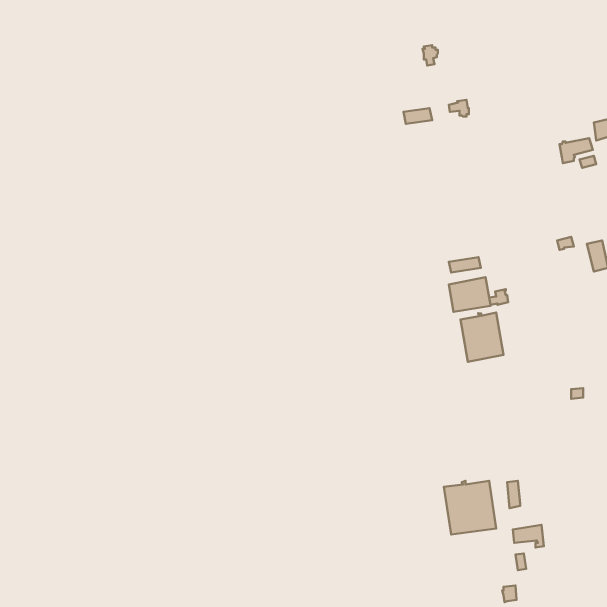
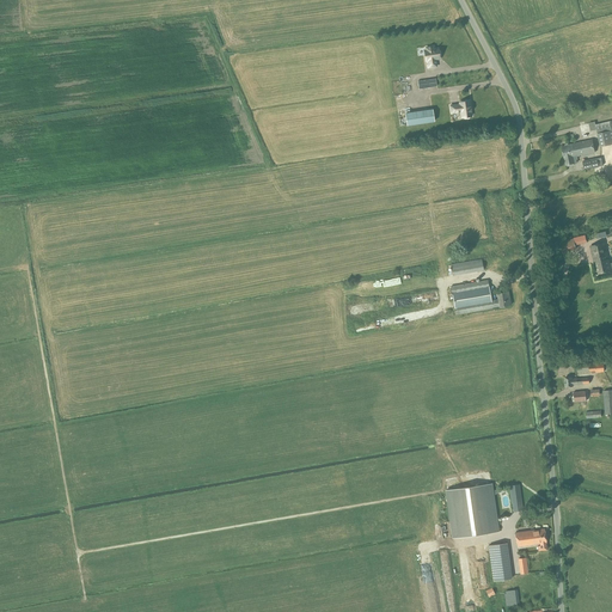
building: [460,313,503,362] -> none
building: none -> [489,541,512,580]

